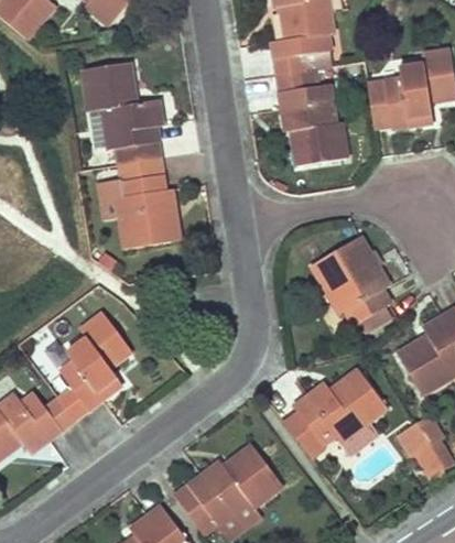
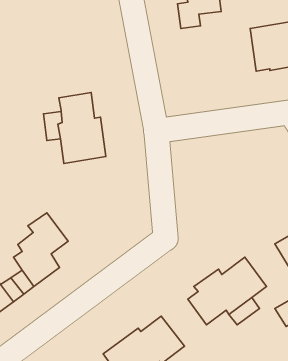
building: [85,63,162,163] -> none
building: [277,68,346,165] -> none
building: [311,236,390,324] -> none

